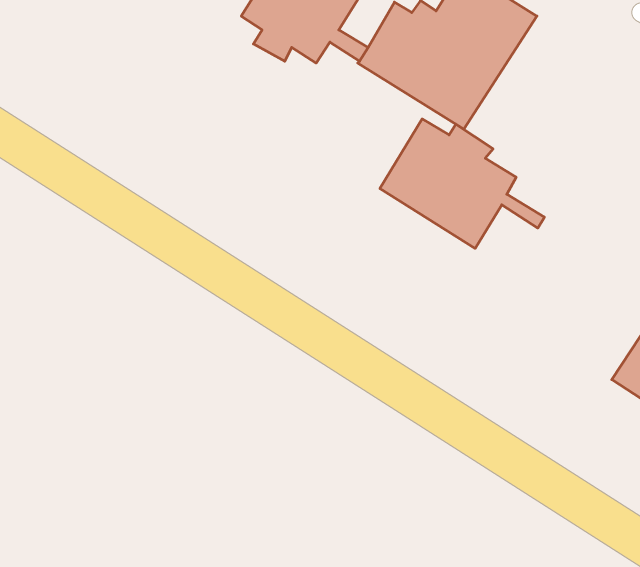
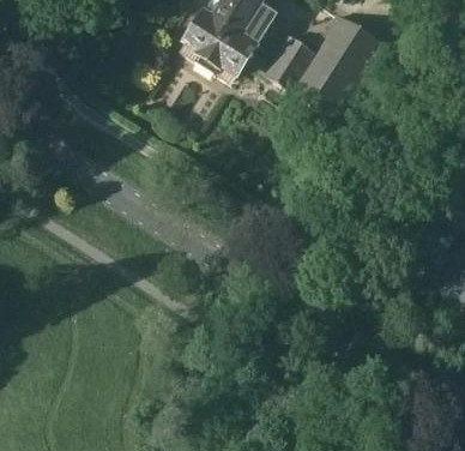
building: [380,119,544,248] -> none

